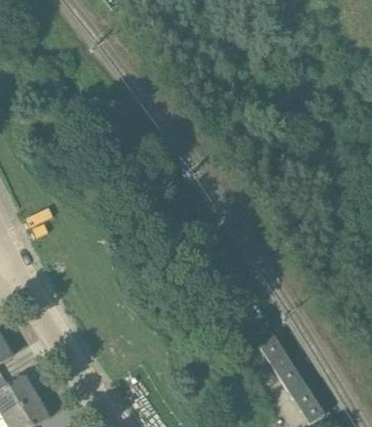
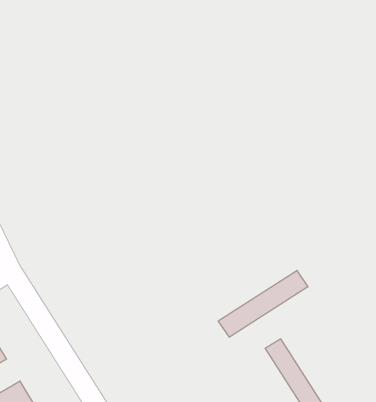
building: none -> [218,270,308,337]

